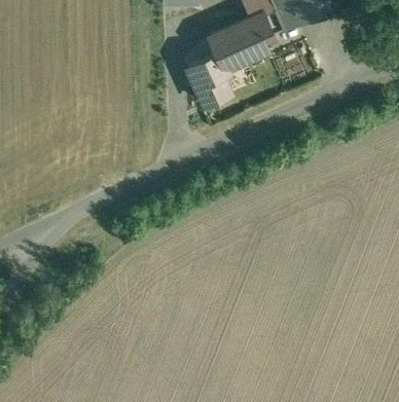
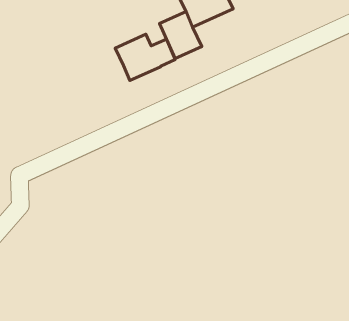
building: none -> [115,34,175,81]

